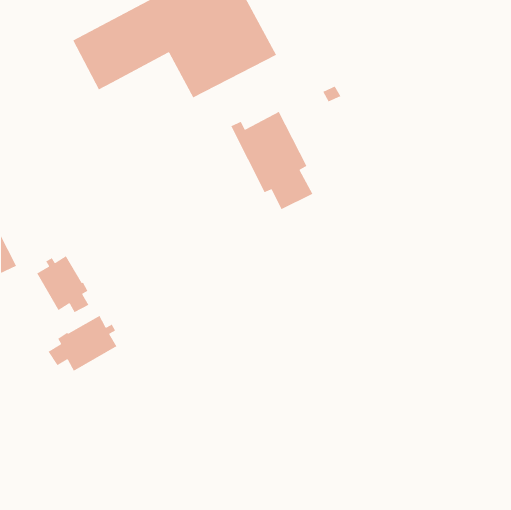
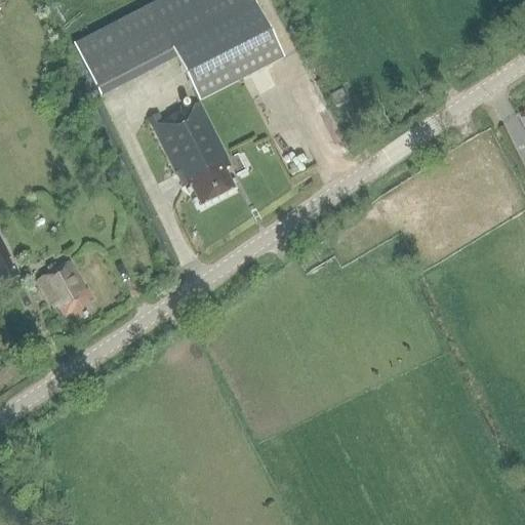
building: [230,111,313,210] -> [149,100,234,202]
building: [48,315,117,372] -> none

